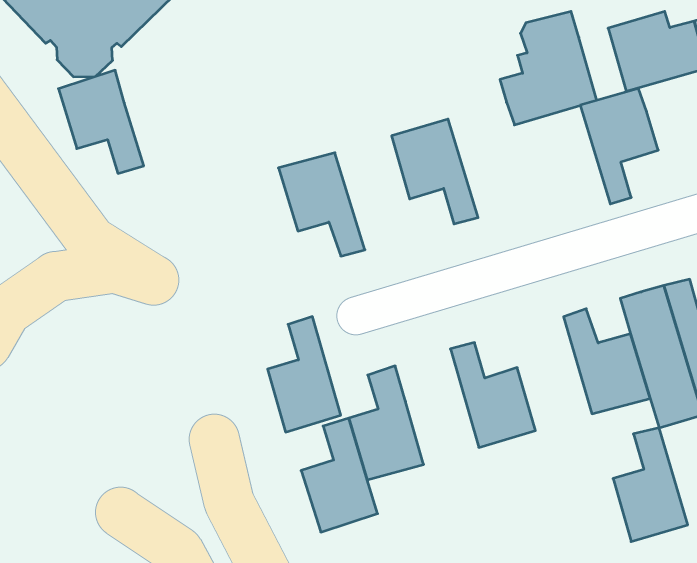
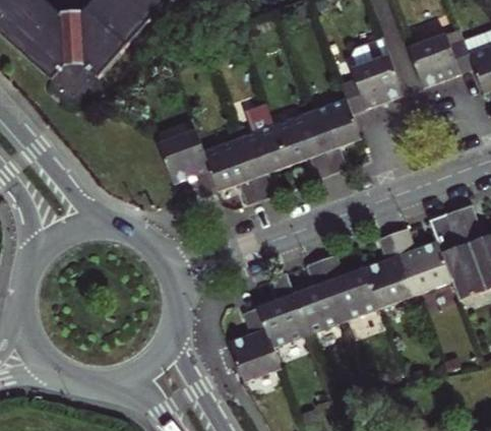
building: [58,70,144,173] -> [161,129,219,195]
building: [580,89,658,204] -> [310,98,362,173]
building: none -> [239,106,289,198]
building: [268,317,341,432] -> [295,258,344,333]
building: [613,428,688,542] -> [365,233,415,307]

